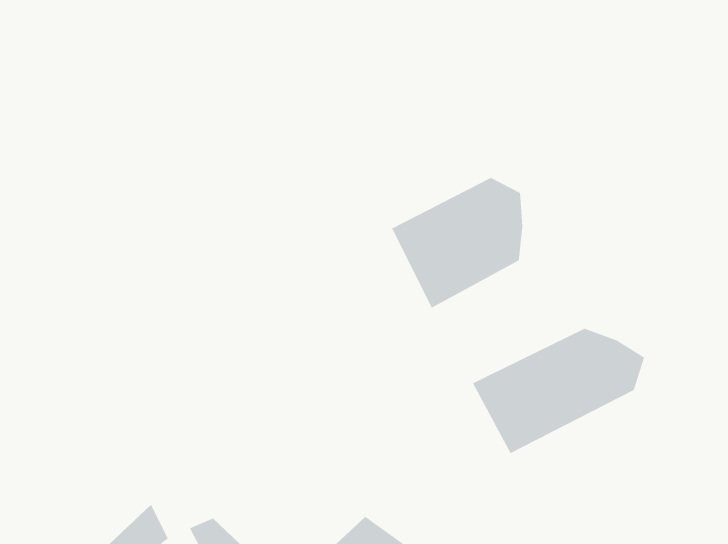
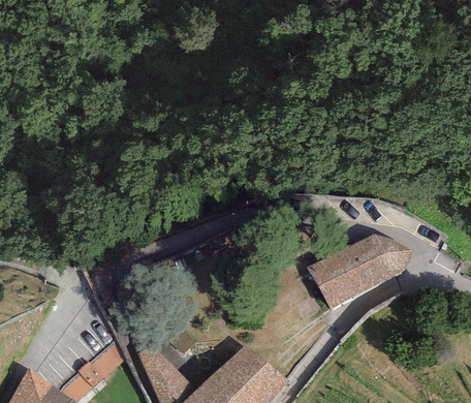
building: [392,177,523,308] -> none

